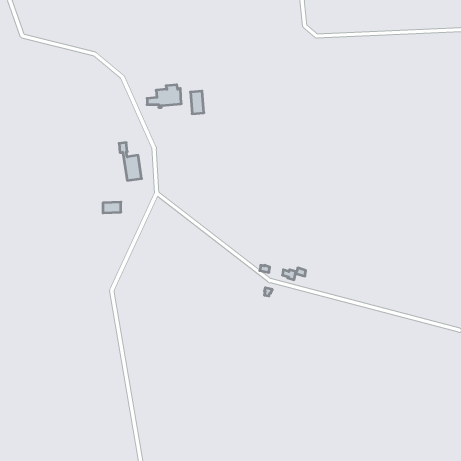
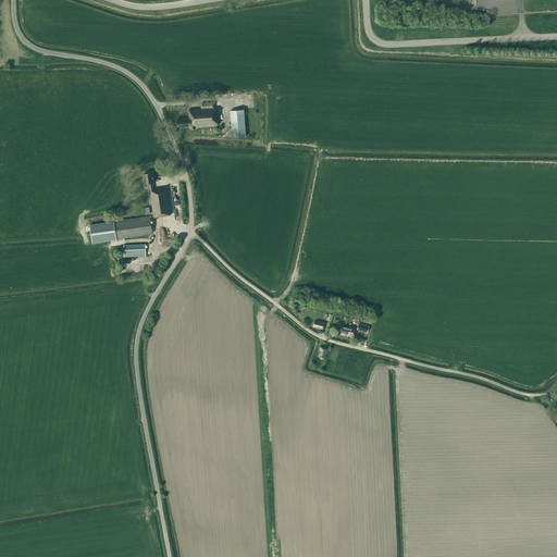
building: none -> [89,216,152,244]

